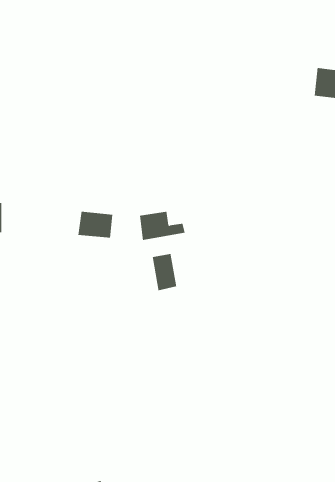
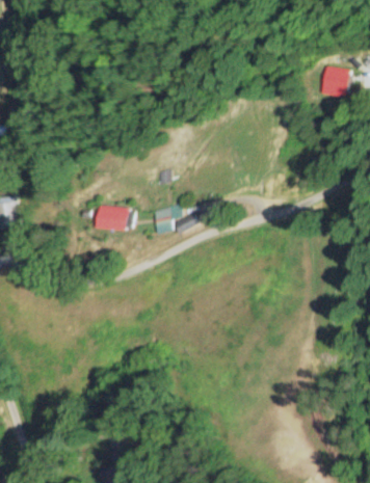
building: [152,253,177,291] -> none

